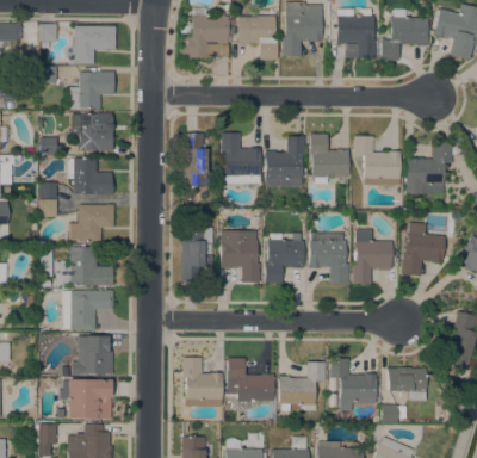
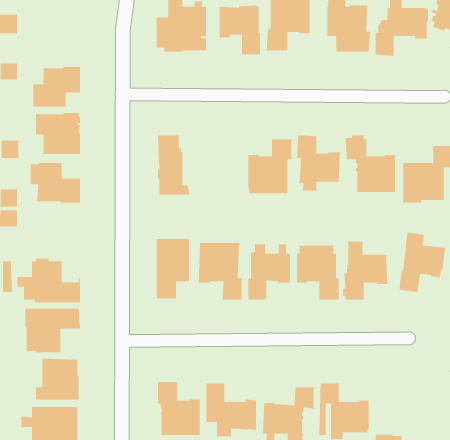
building: [67,25,116,63] -> none
building: [221,132,261,182] -> none
building: [69,204,114,242] -> none
building: [388,366,427,400] -> none

